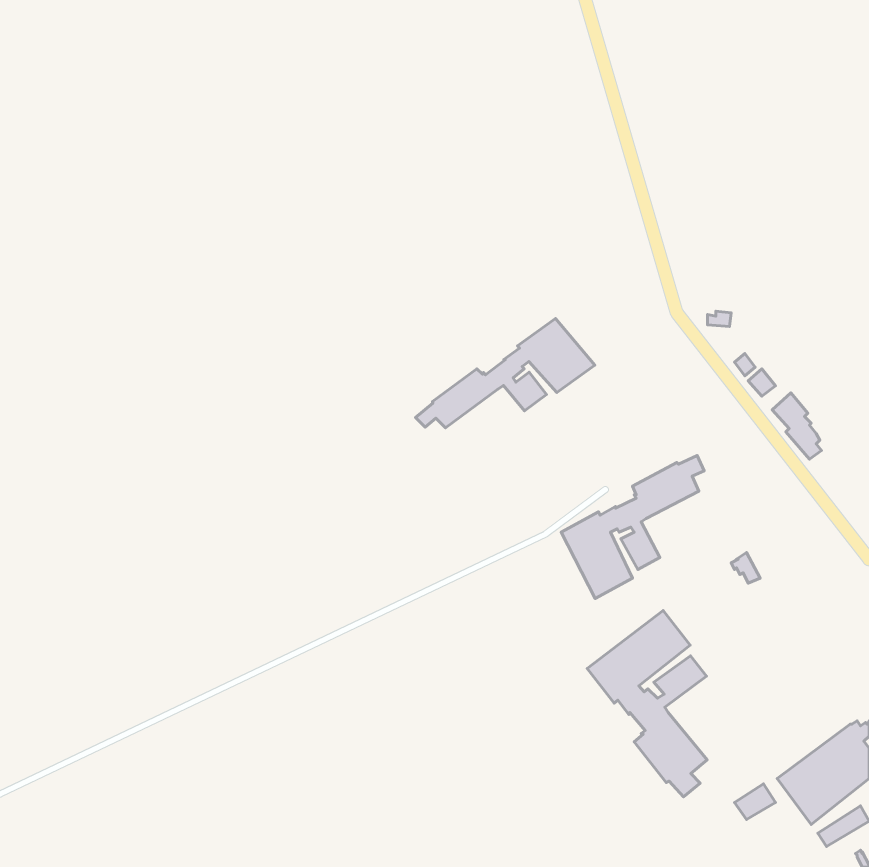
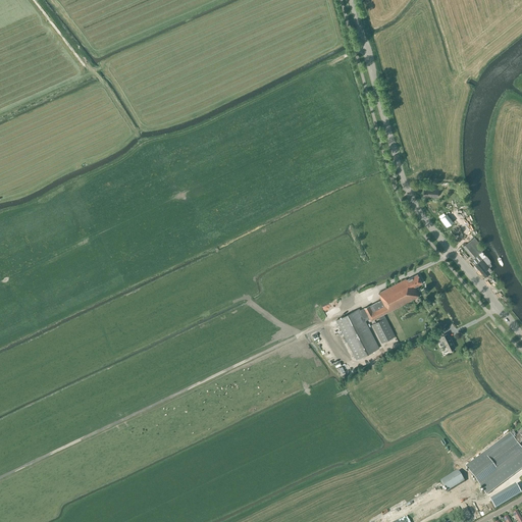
building: [415,319,595,428] -> none
building: [587,611,707,797] -> none

